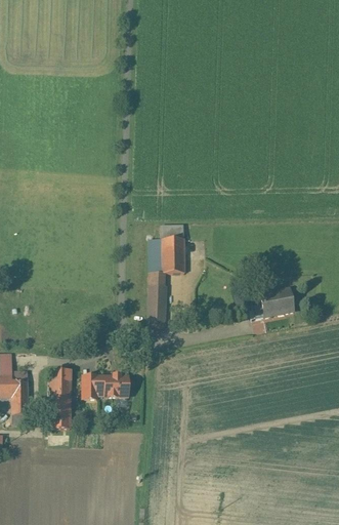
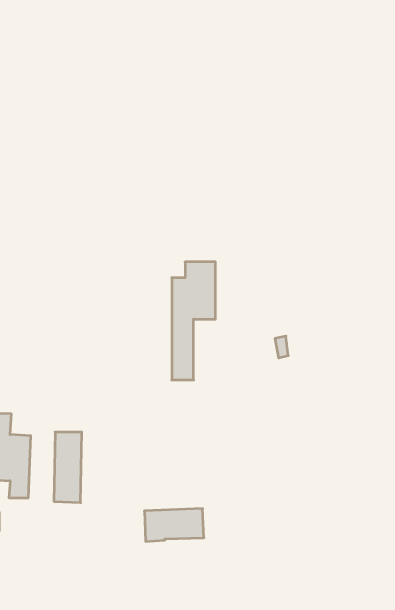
building: [259,287,293,316] -> none
building: [83,371,133,399] -> [144,509,204,541]

